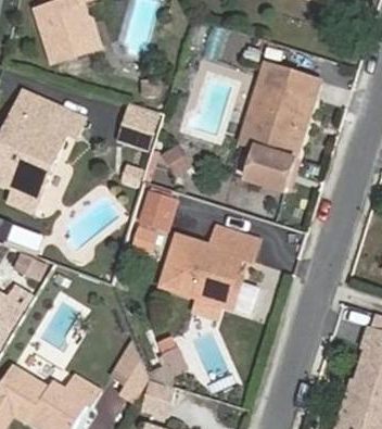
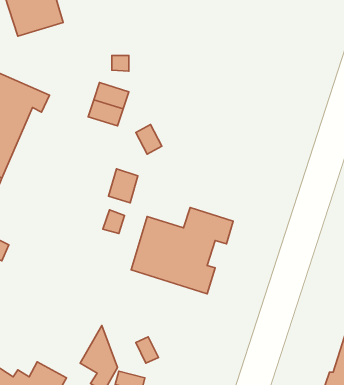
building: [242,63,319,189] -> none

